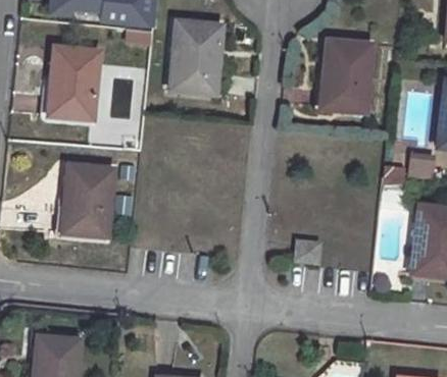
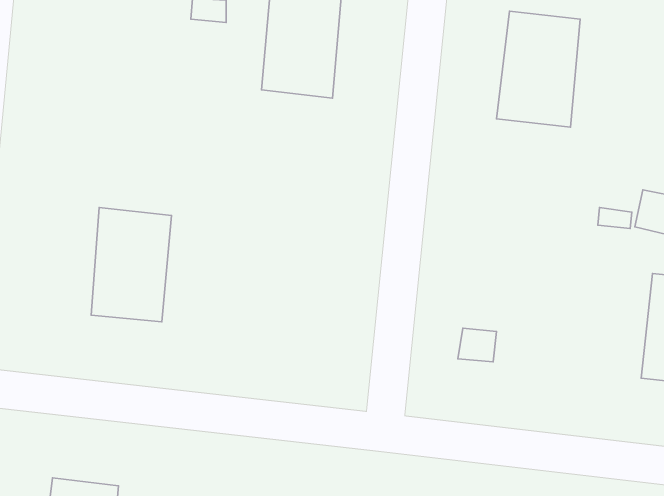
building: [48,47,99,119] -> none

